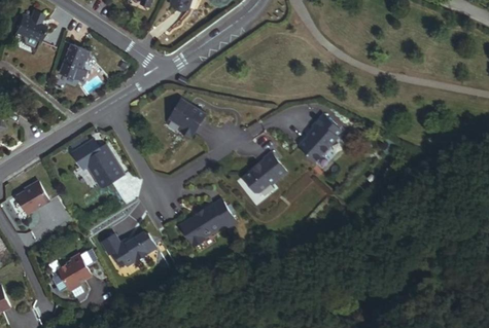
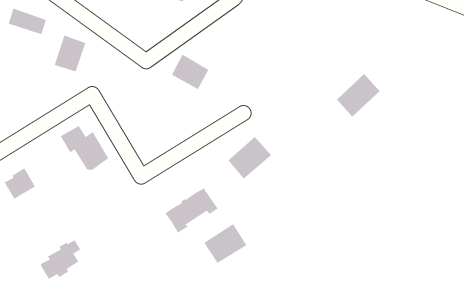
building: [166,96,205,133] -> [171,54,209,90]
building: [295,113,341,158] -> [336,73,380,117]
building: [99,230,154,264] -> none
building: none -> [203,223,247,264]

